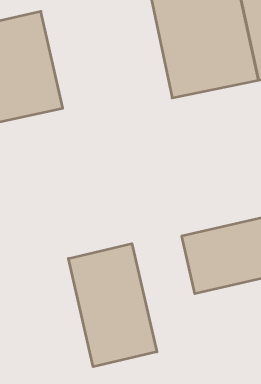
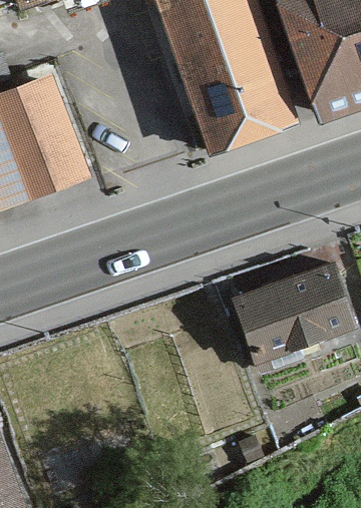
building: [68,244,157,367] -> none

